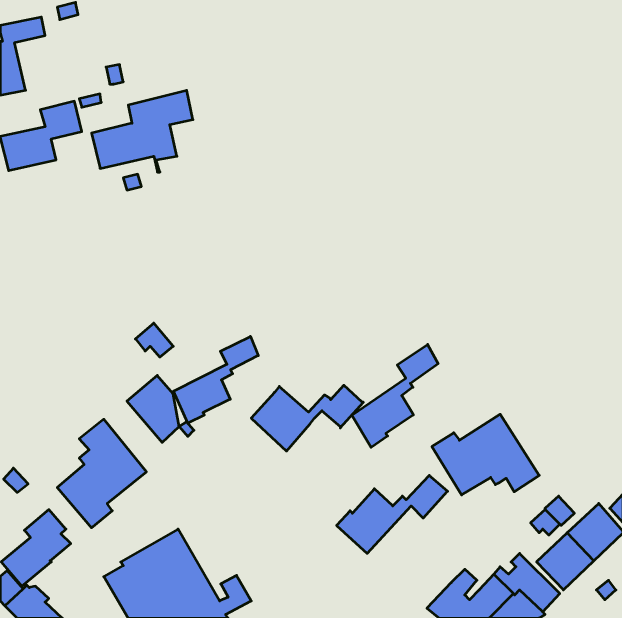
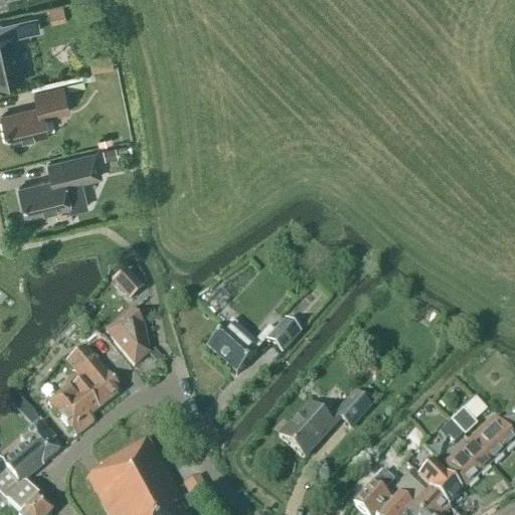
building: [92,90,193,172] -> [18,150,102,217]
building: [174,336,258,423] -> none
building: [352,344,438,447] -> none
building: [432,414,539,495] -> none

